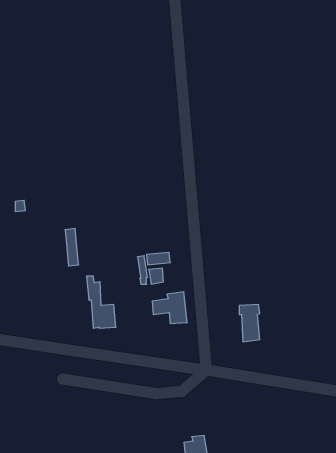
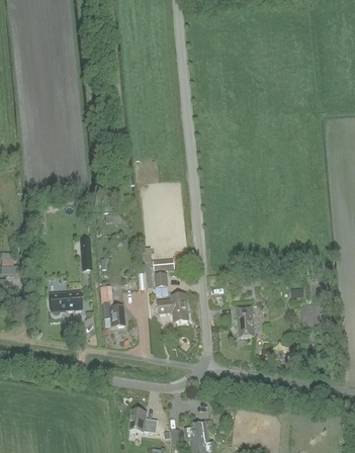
building: none -> [50,290,82,314]
building: none -> [128,410,158,433]

